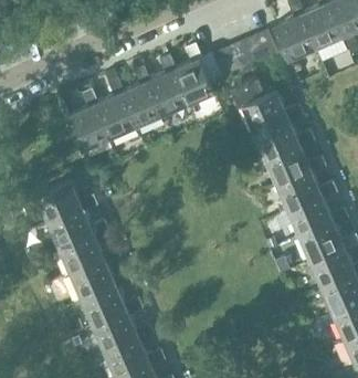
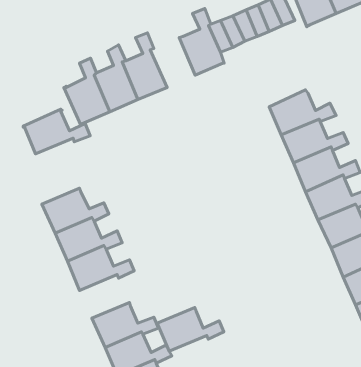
building: [145,56,186,117] -> none
building: [228,81,302,135] -> none
building: [35,182,96,223] -> [23,109,90,154]
building: [81,287,141,327] -> [157,308,224,351]

